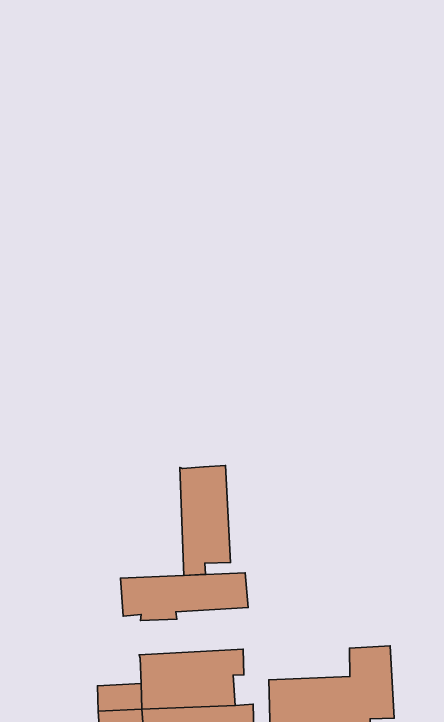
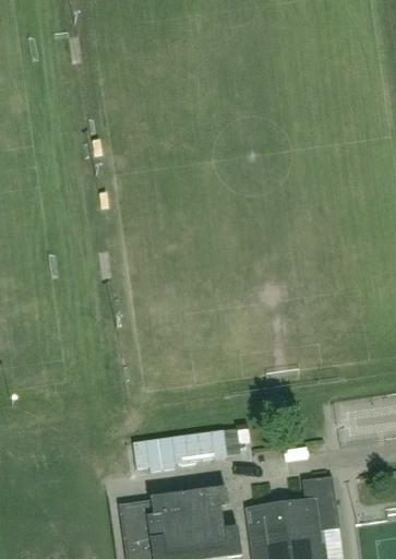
building: [180,465,230,576] -> none
building: none -> [118,499,153,522]

